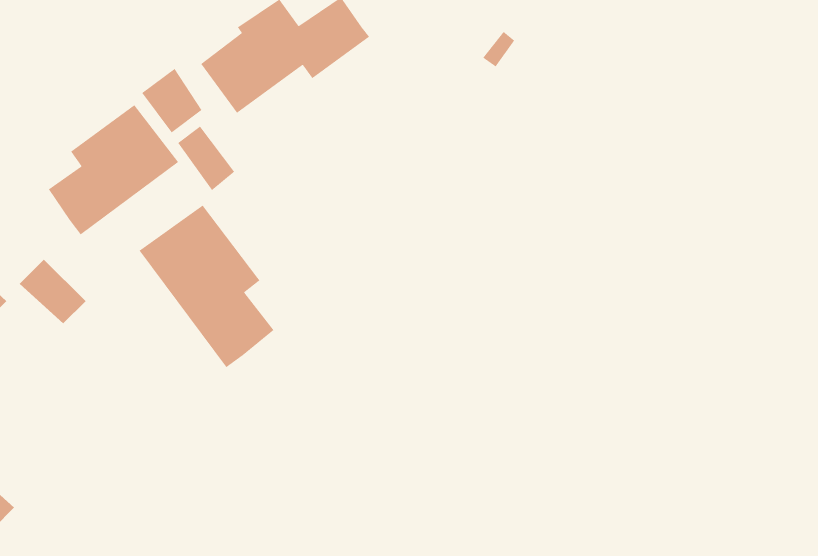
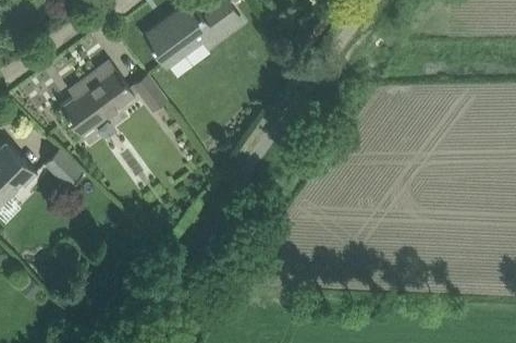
building: [141,68,203,134] -> none
building: [139,204,275,368] -> none

